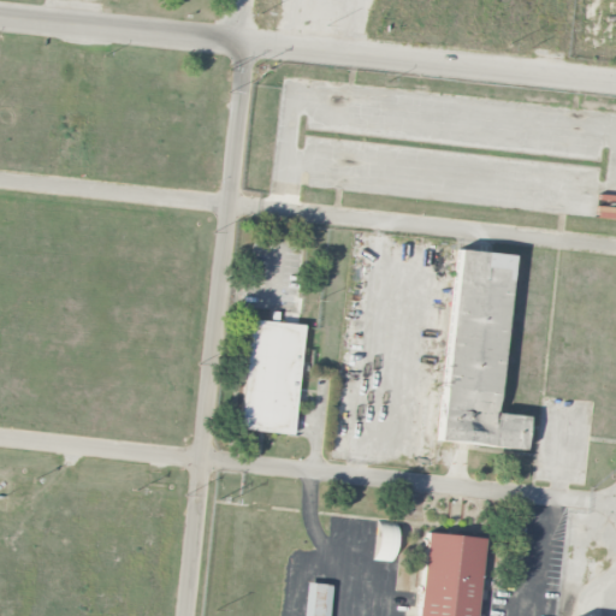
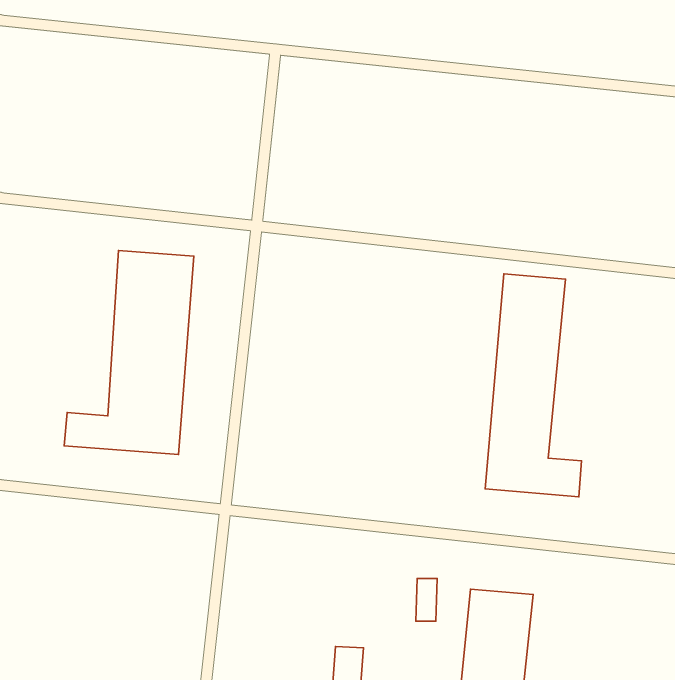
building: none -> [64,250,194,455]
building: [245,321,308,434] -> none

